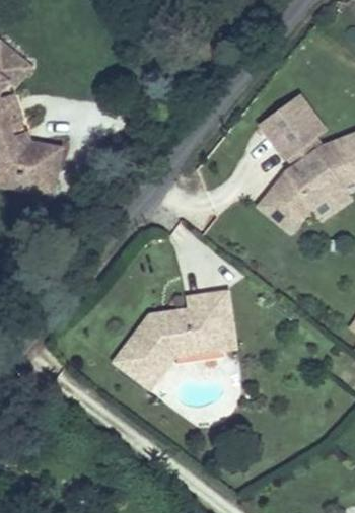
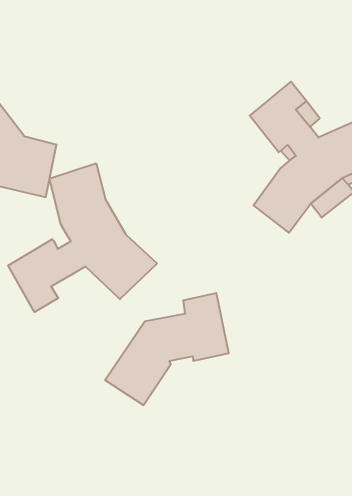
building: none -> [8,163,157,312]
building: [145,285,236,387] -> none

